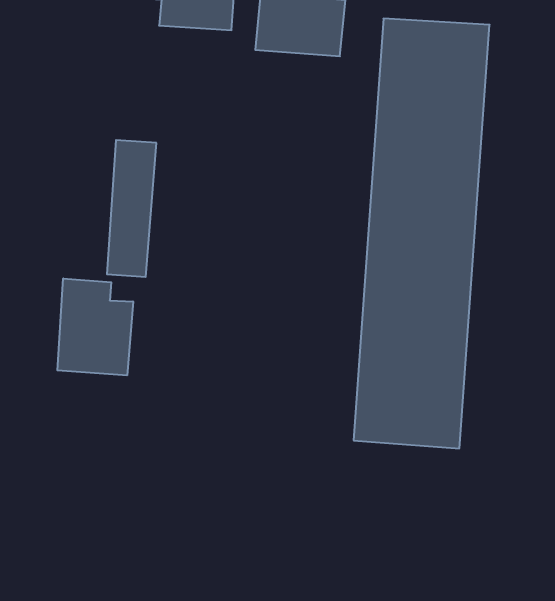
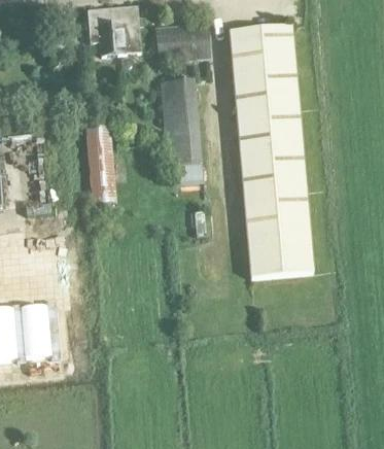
building: none -> [162,79,202,182]
building: [57,278,133,375] -> none

